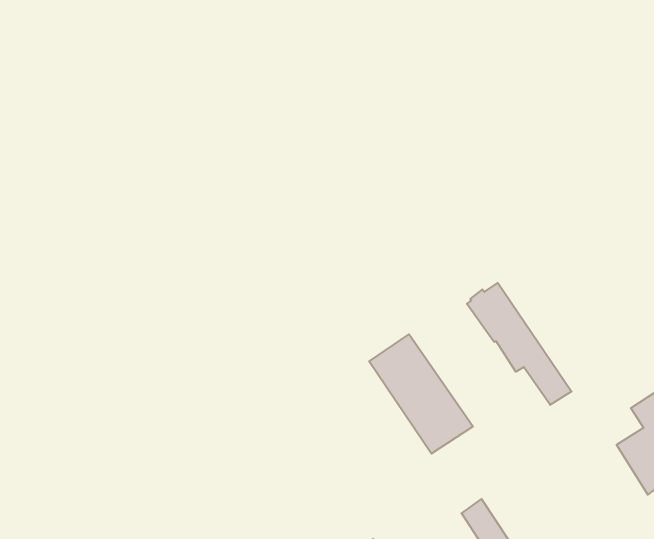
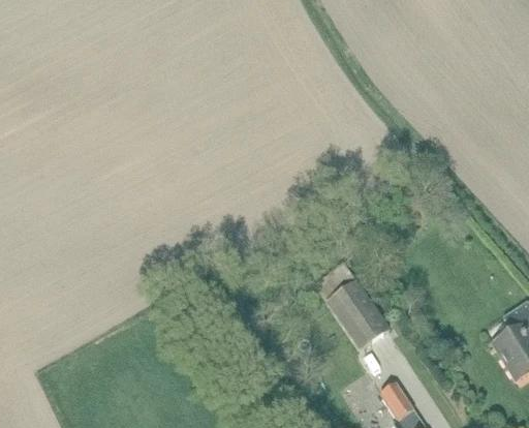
building: [467,283,572,405] -> none

